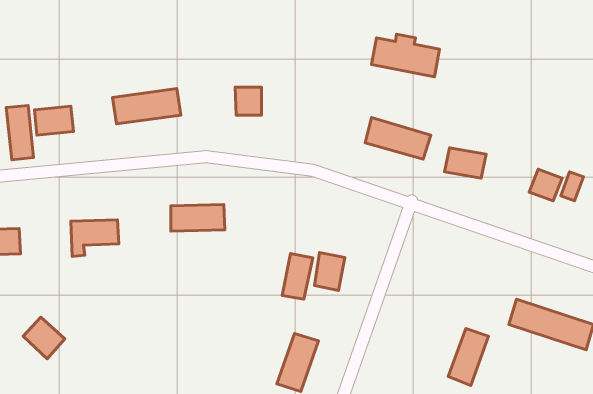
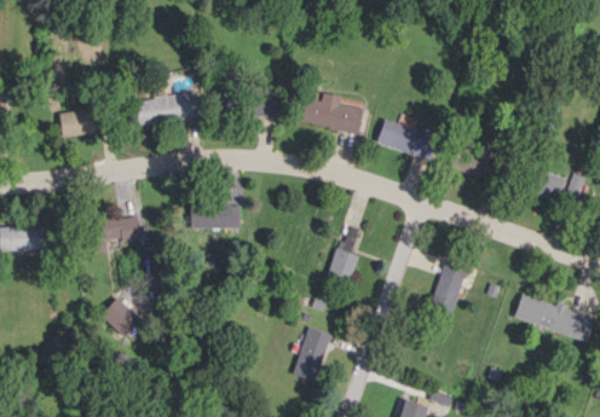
building: [371,34,440,77] -> [298,93,363,134]
building: [6,105,33,160] -> none
building: [282,254,313,299] -> none
building: [23,317,65,359] -> [100,297,140,337]
building: [448,329,489,385] -> [429,260,468,314]

